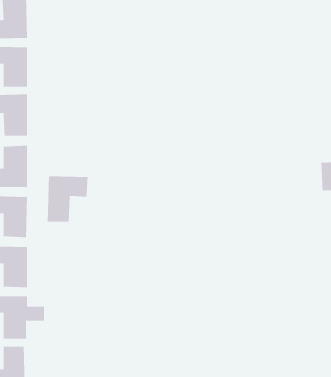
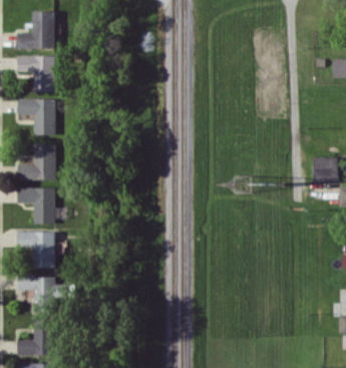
building: [47,175,88,223] -> none

